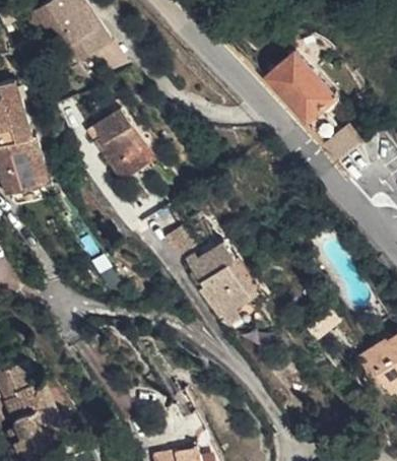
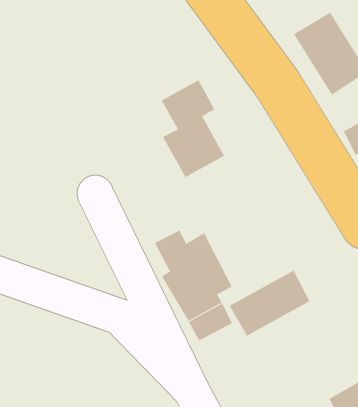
building: [93,107,153,189] -> [161,79,225,178]
building: none -> [229,270,310,337]

